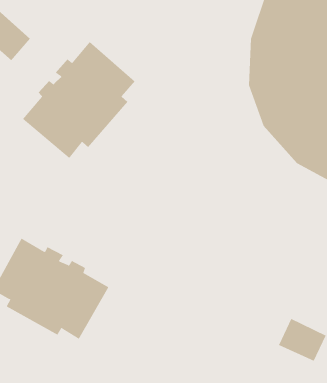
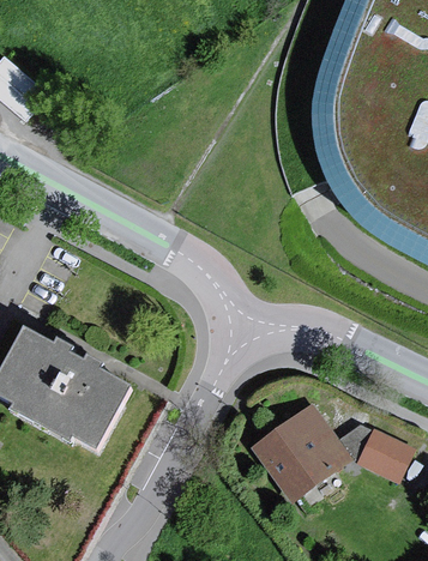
building: [22,41,136,159] -> none
building: none -> [255,403,351,497]

